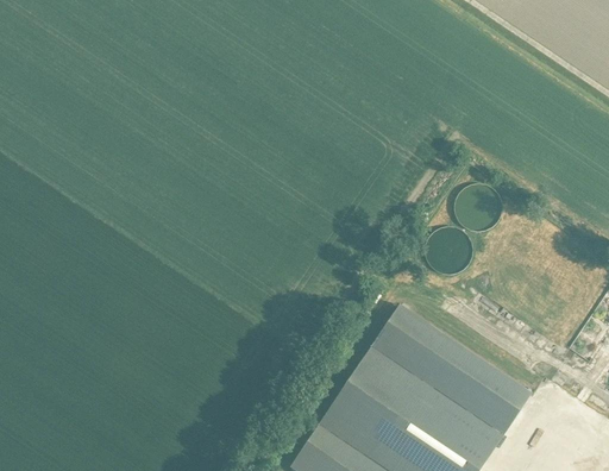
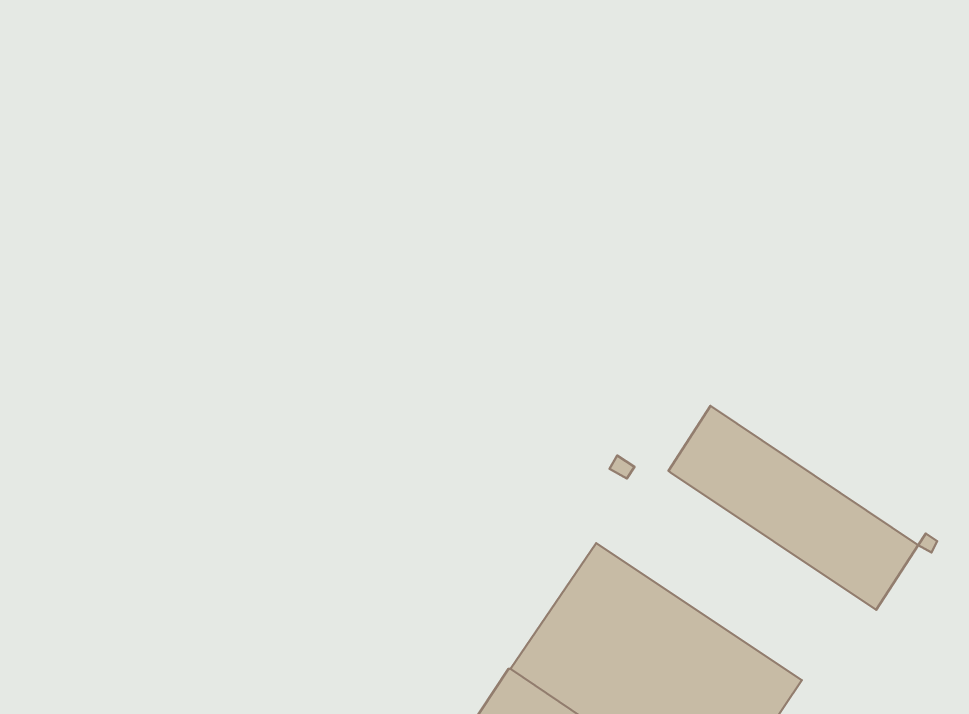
building: [372,306,528,433] -> [669,406,918,610]

